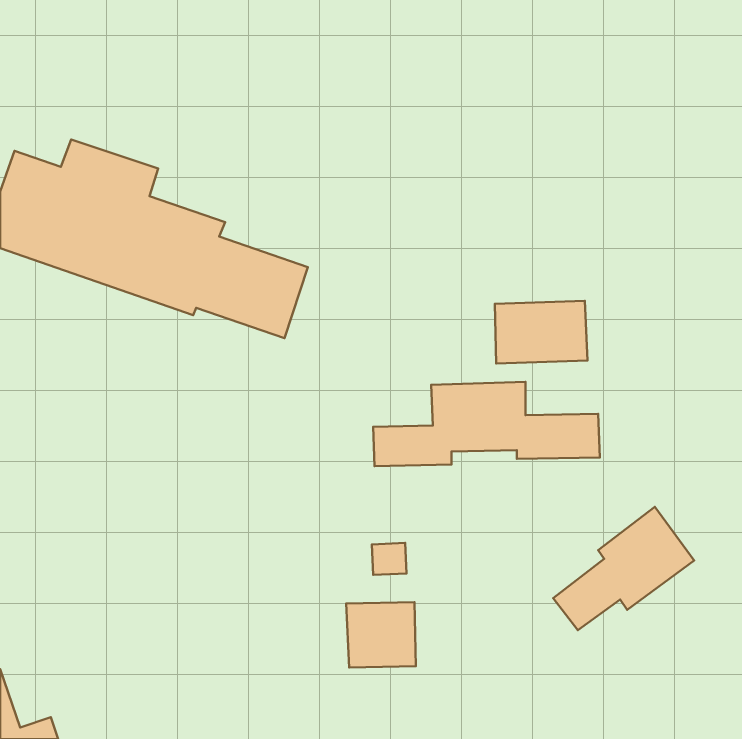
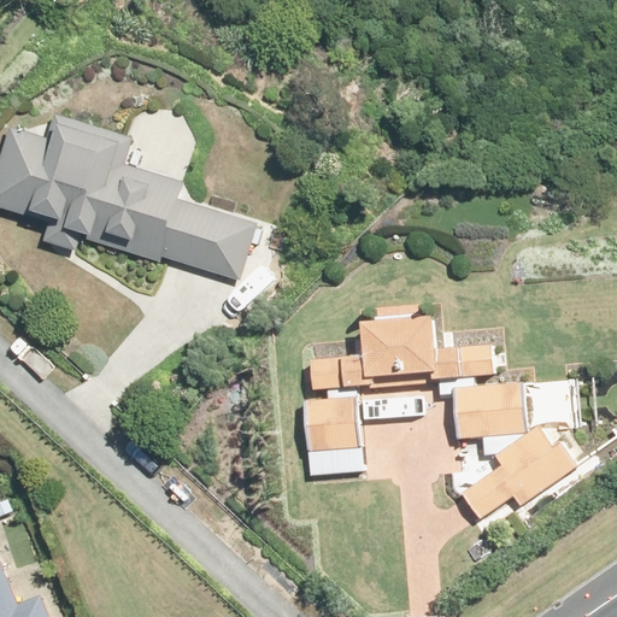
building: [495,301,588,363] -> [451,382,528,434]
building: [346,602,416,668] -> [302,392,360,446]

